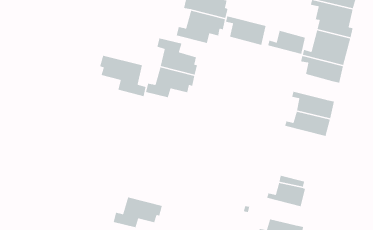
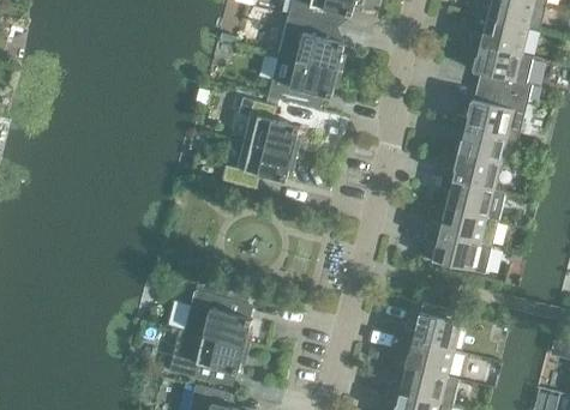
building: [225,16,266,46] -> none
building: [267,30,306,55] -> [440,152,498,189]
building: [99,55,147,97] -> none
building: none -> [425,229,490,272]
building: none -> [184,289,251,346]
building: none -> [398,336,452,375]

